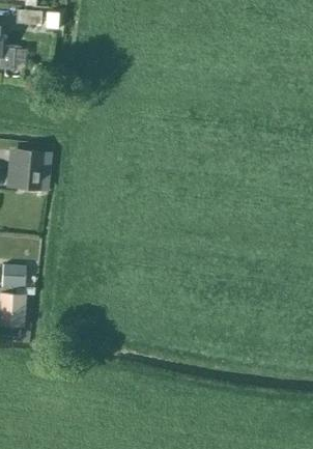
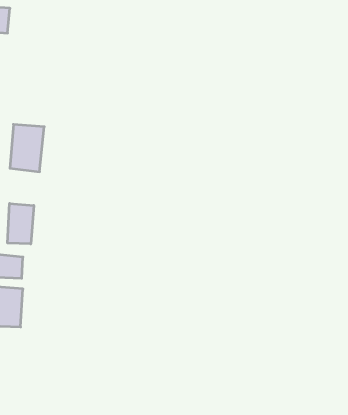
building: none -> [8,203,34,244]

